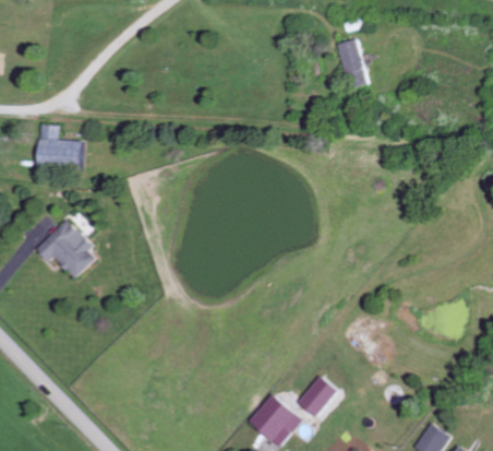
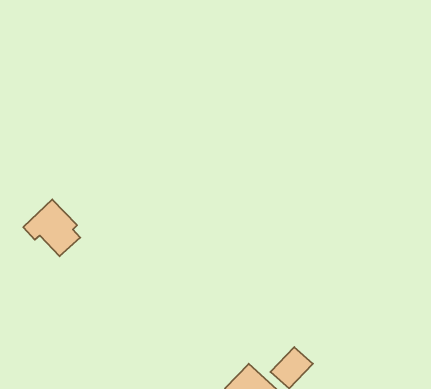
building: [336,39,369,88] -> none
building: [38,126,82,168] -> none

